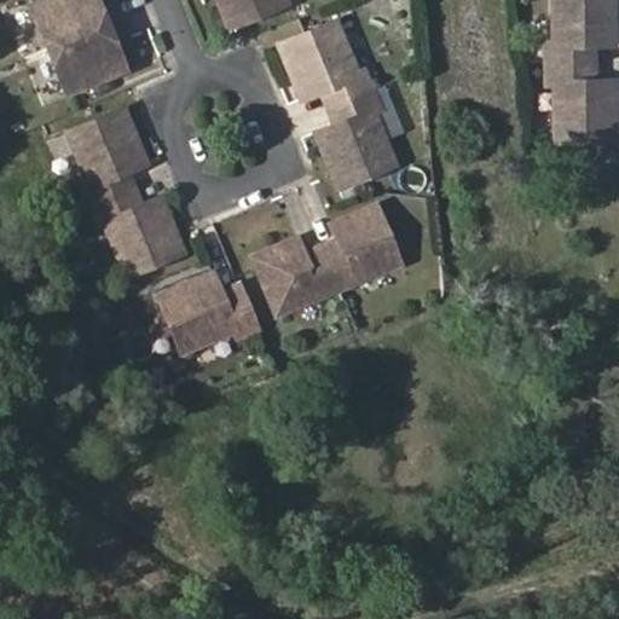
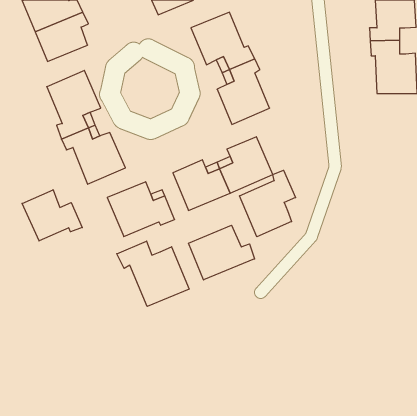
building: none -> [240,170,296,237]
building: none -> [22,190,82,241]
building: none -> [189,225,255,280]
building: none -> [117,241,189,306]

